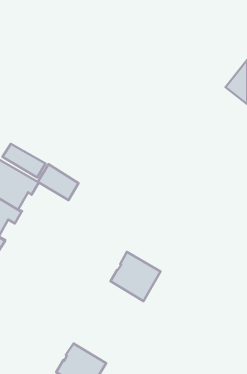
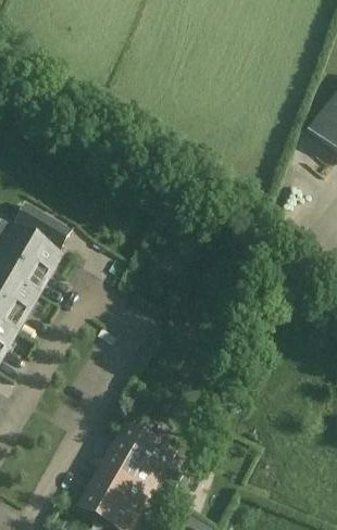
building: [38,164,78,200] -> none
building: [110,252,161,301] -> [107,428,173,493]

